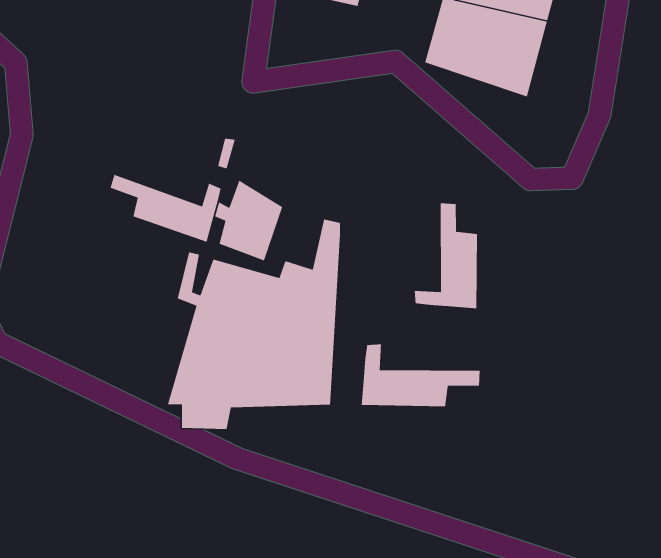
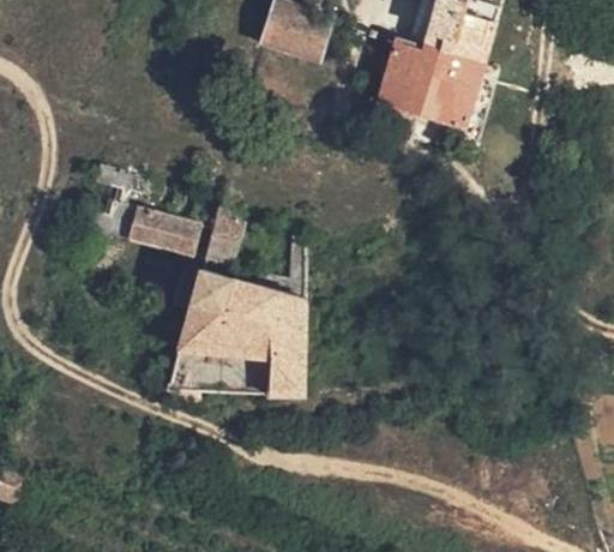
building: [414,202,478,309] -> none
building: [361,344,481,407] -> none

